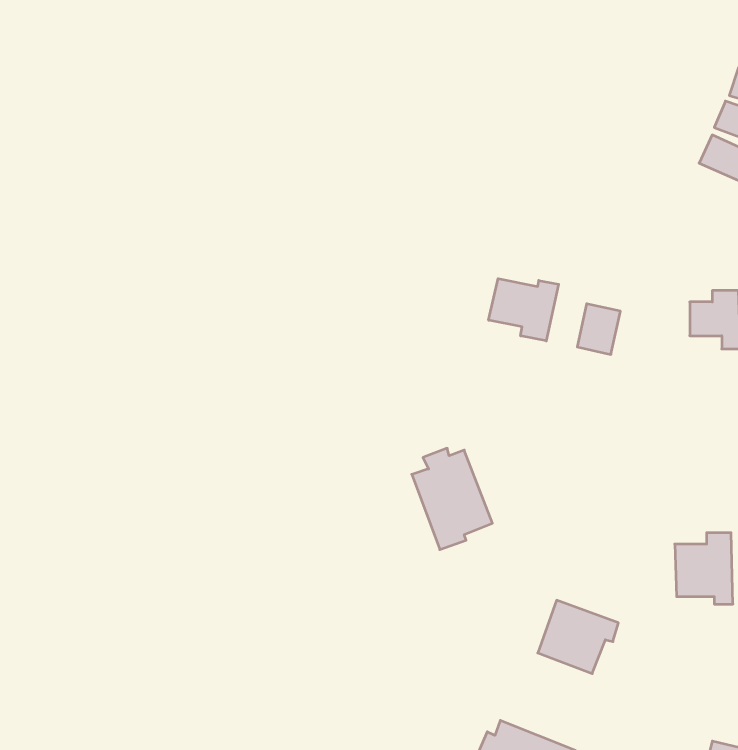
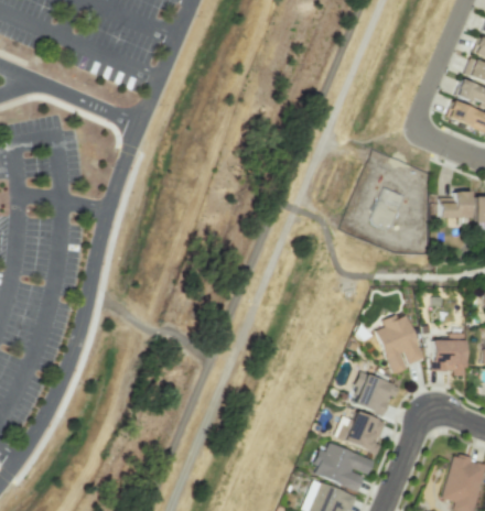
building: [489,279,559,341] -> none
building: [412,448,492,550] -> [376,314,423,373]
building: none -> [336,411,385,454]

